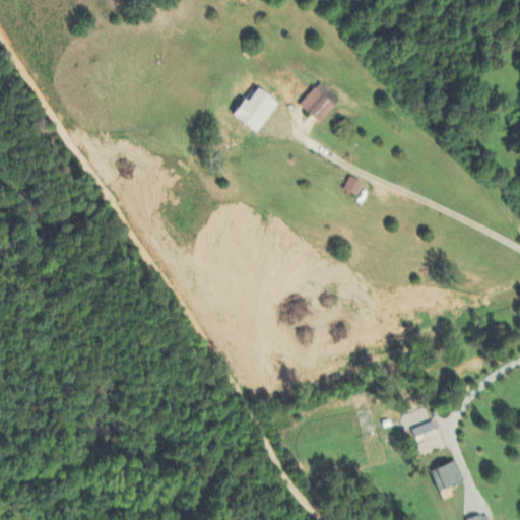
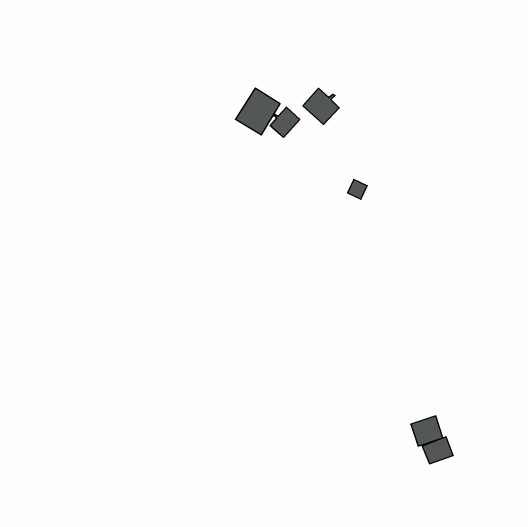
building: none -> [270,107,300,137]
building: [430,459,463,490] -> none

